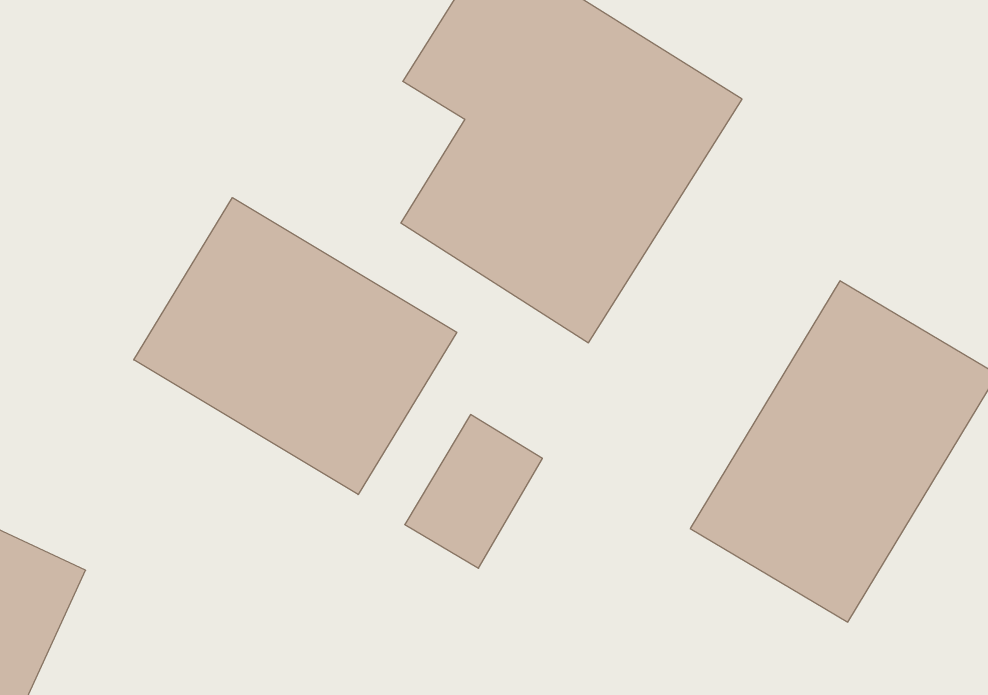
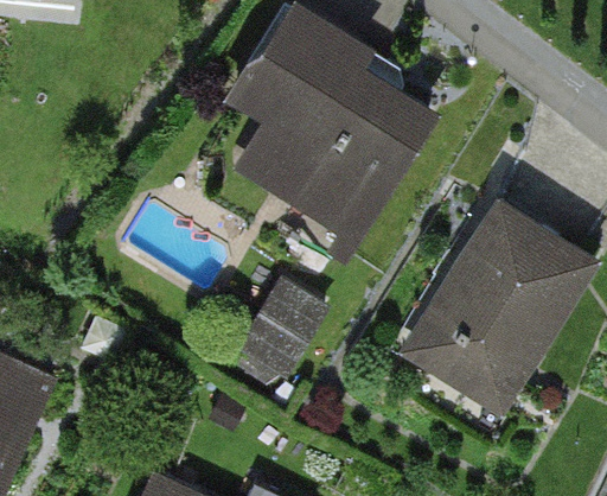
building: [134,198,457,495] -> none

